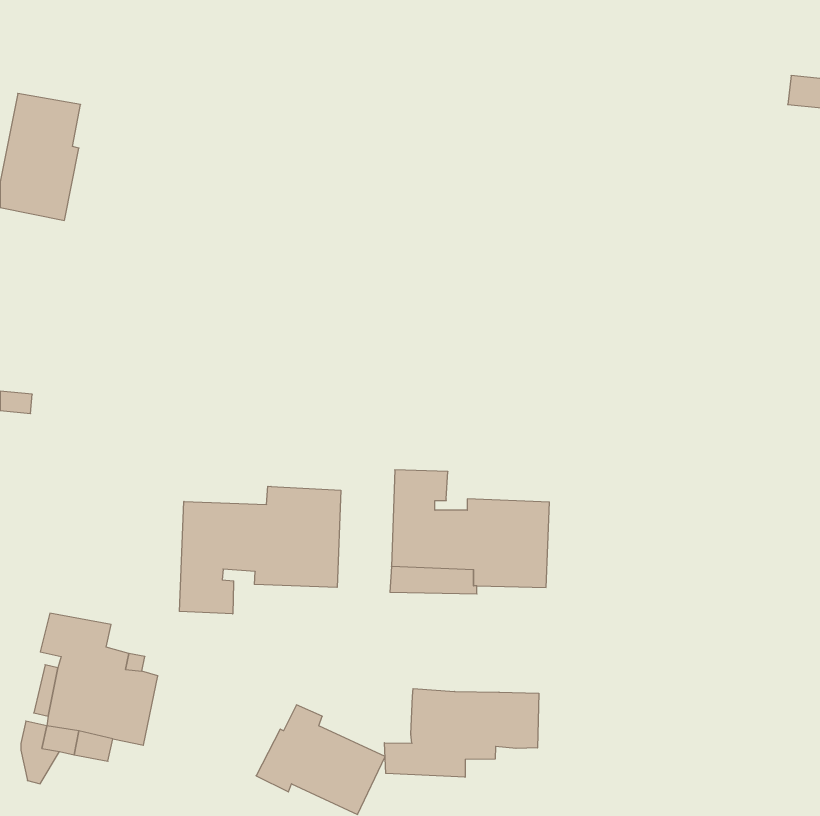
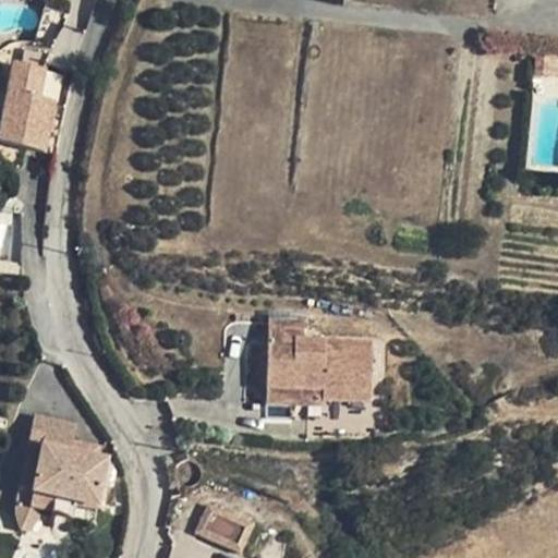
building: [179,486,341,614] -> none
building: [384,689,539,777] -> none

